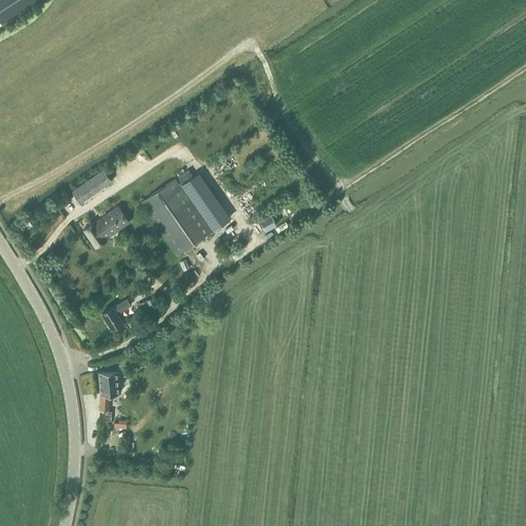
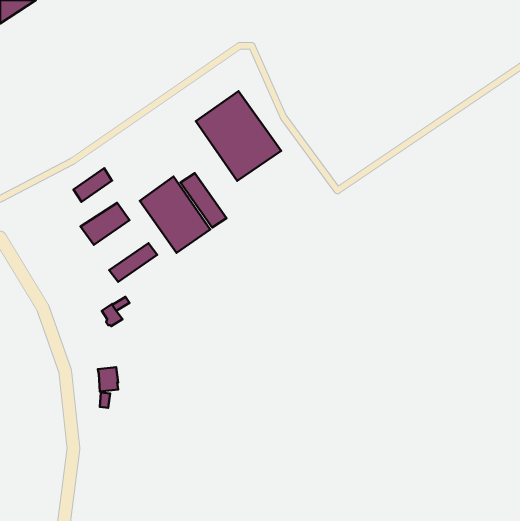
building: none -> [196,91,281,181]
building: none -> [109,243,157,282]

